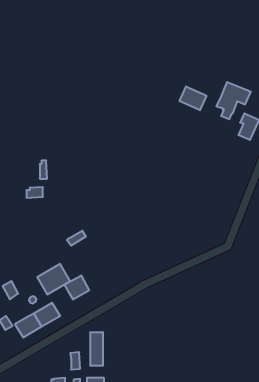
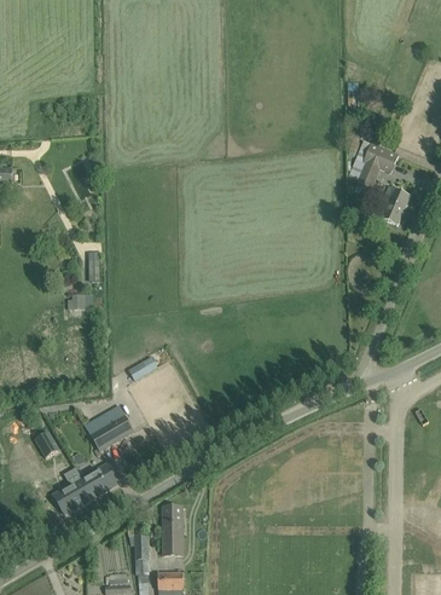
building: [179,86,206,110] -> none
building: [64,275,89,300] -> none

